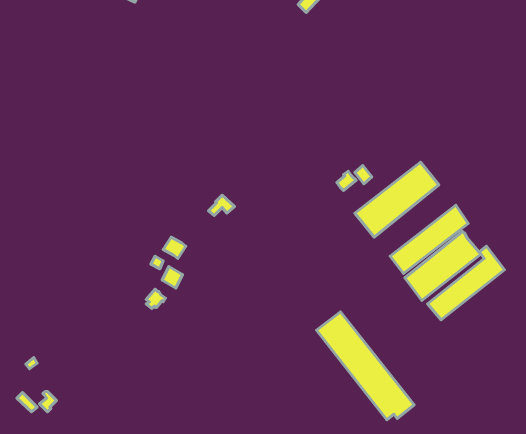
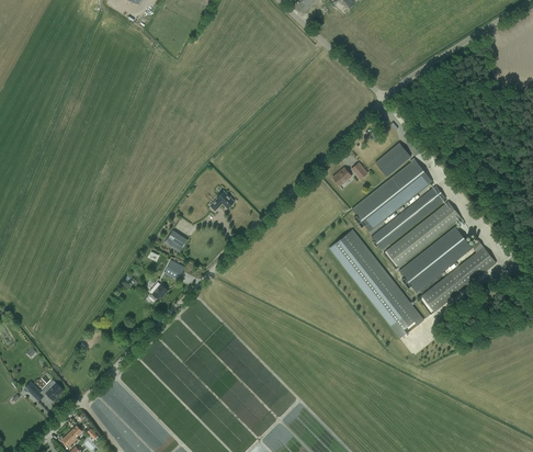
building: none -> [375,143,411,177]
building: none -> [378,185,445,245]
building: [317,312,414,420] -> [329,230,423,335]

